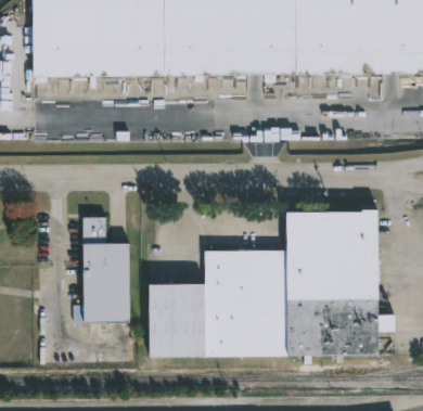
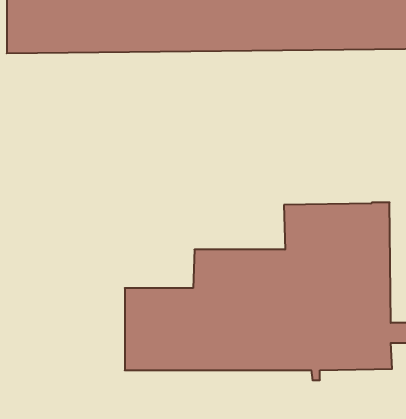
building: [81,217,128,322] -> none

